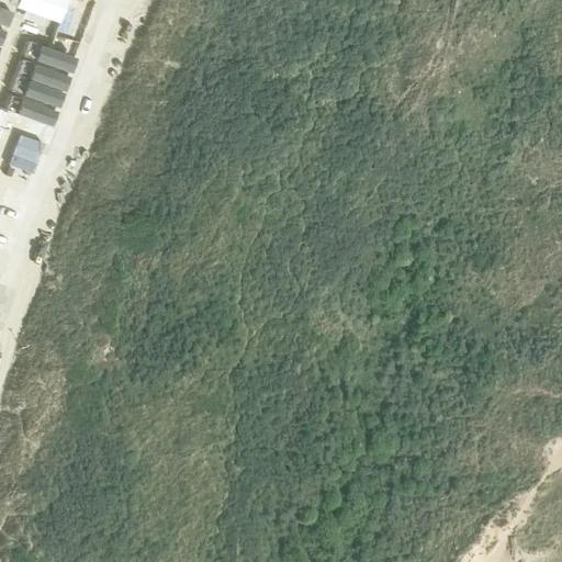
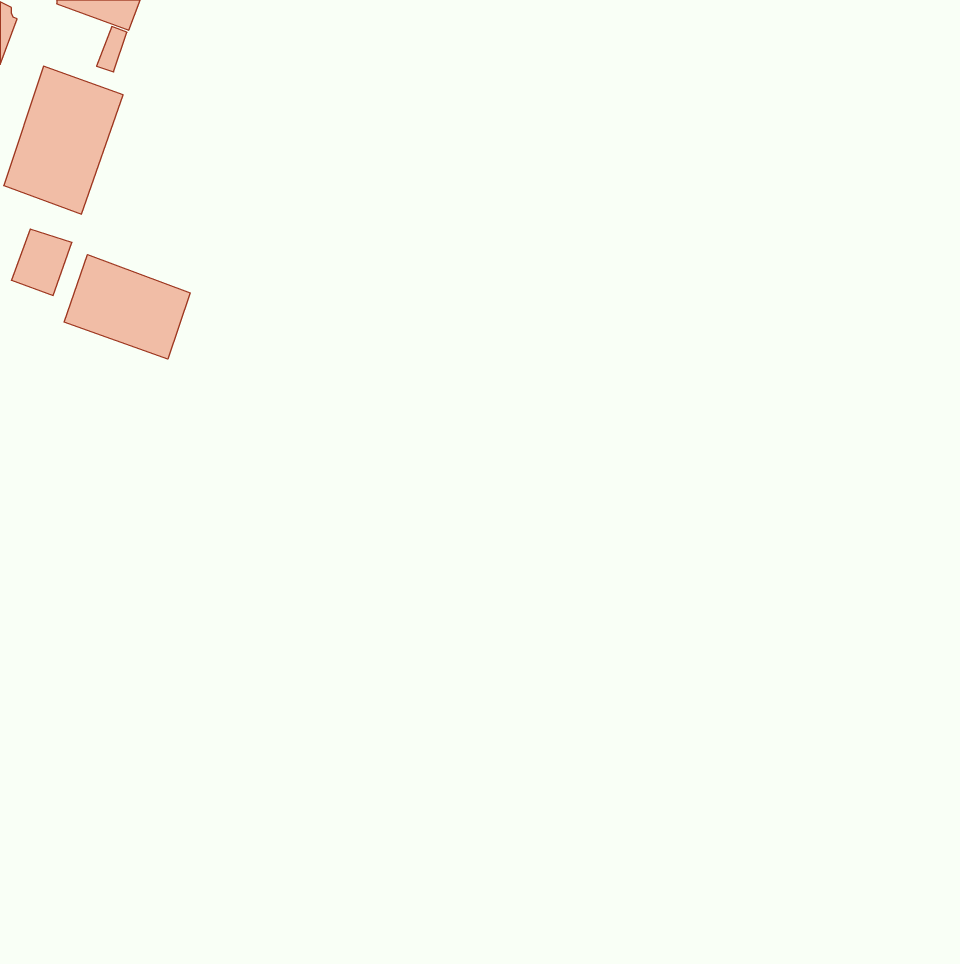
building: none -> [64,255,190,359]

